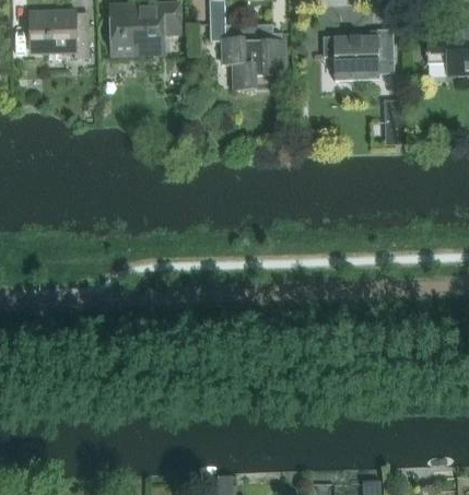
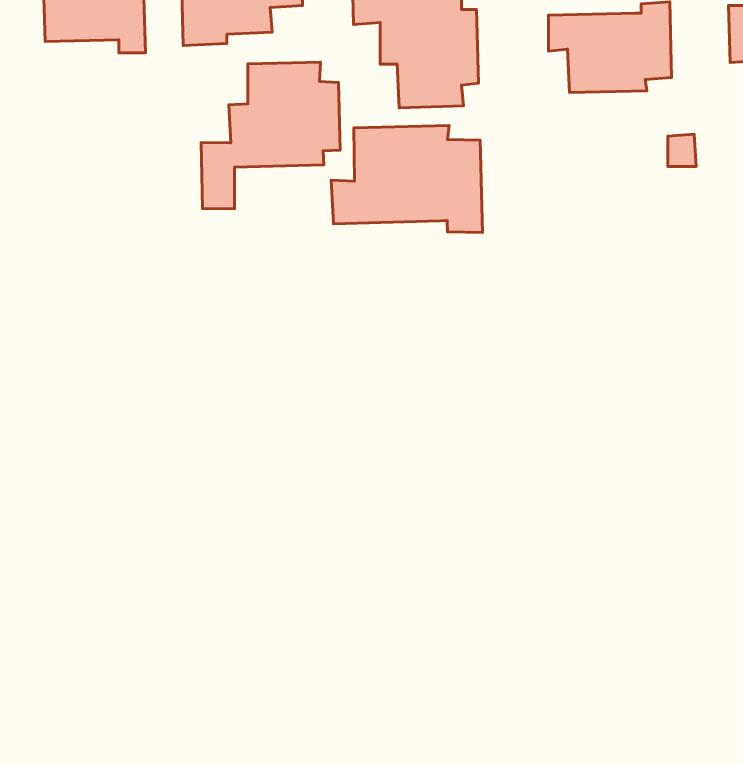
building: none -> [201,62,340,209]
building: none -> [331,125,482,232]

